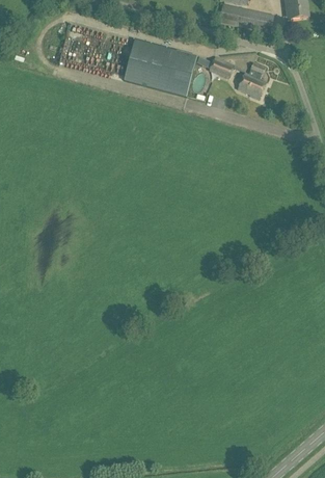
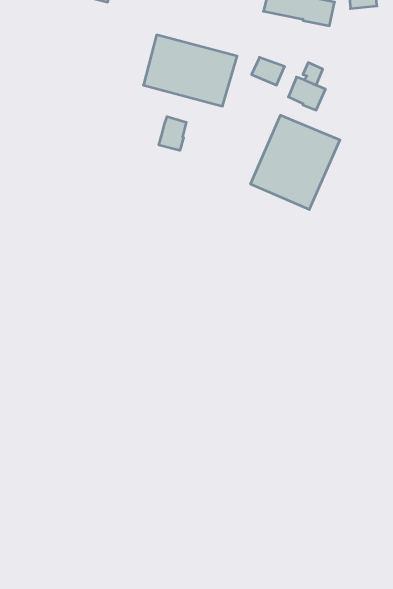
building: none -> [251,115,340,210]
building: none -> [159,117,186,150]

